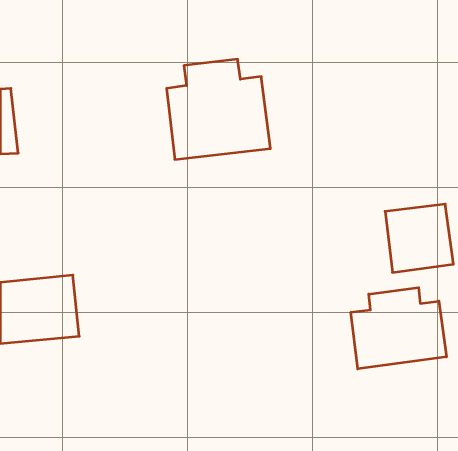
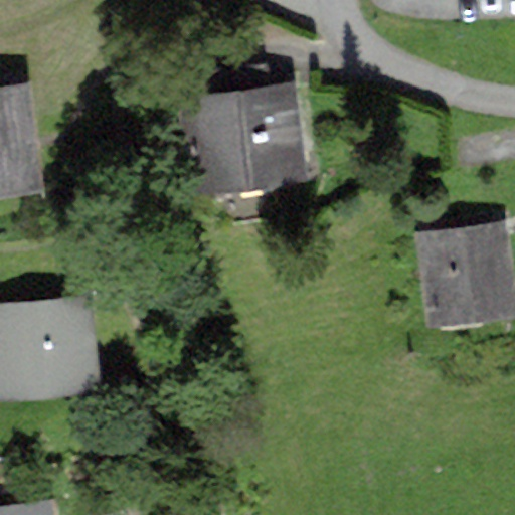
building: [351,288,446,369] -> none

